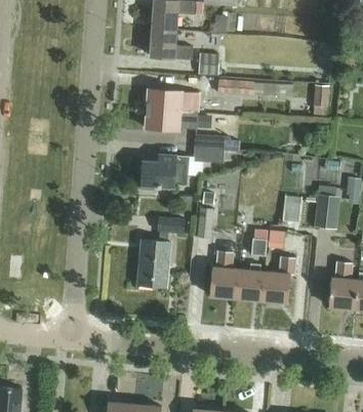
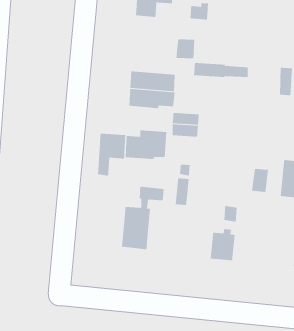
building: [151,28,192,59] -> none
building: none -> [97,133,126,177]
building: [210,251,239,298] -> none
building: [261,257,296,302] -> none

